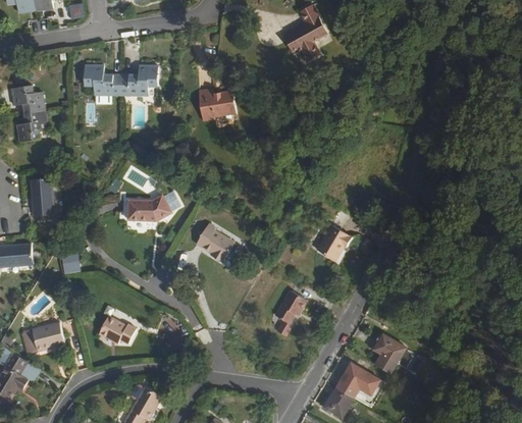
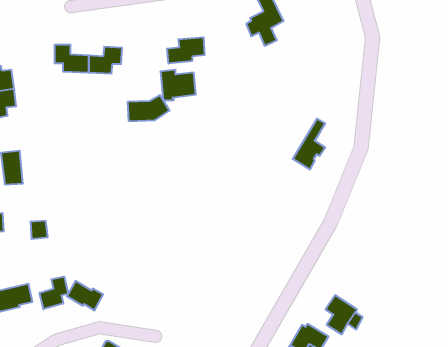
building: none -> [167,37,205,64]
building: [123,198,168,225] -> [128,95,170,121]
building: [315,206,350,260] -> [293,119,325,169]
building: [197,221,234,261] -> none
building: [277,293,309,338] -> none
building: none -> [40,276,68,309]

